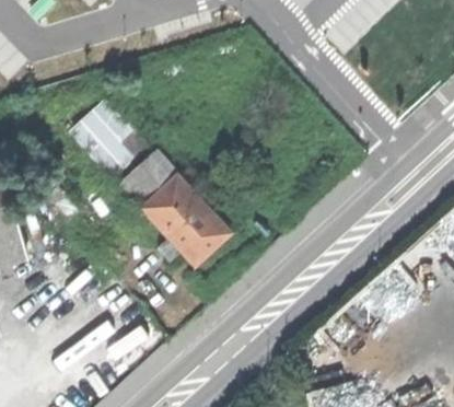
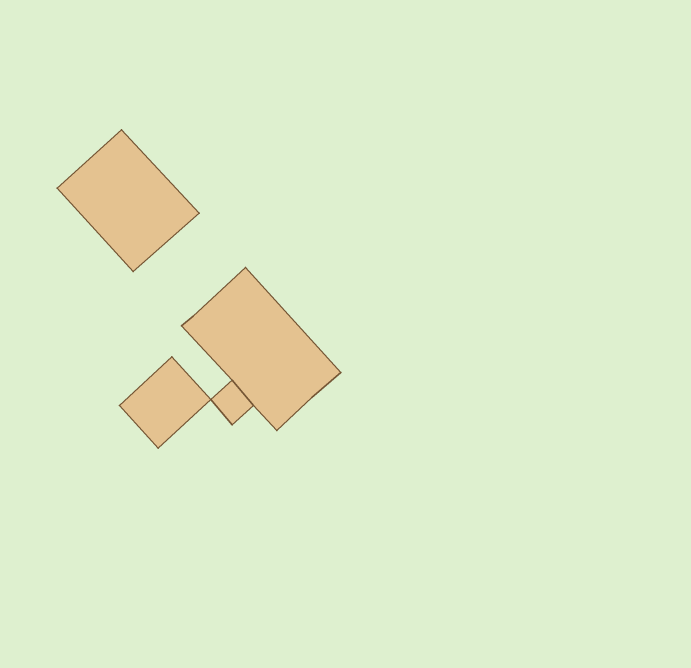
building: [124,148,175,199] -> [119,357,211,448]

